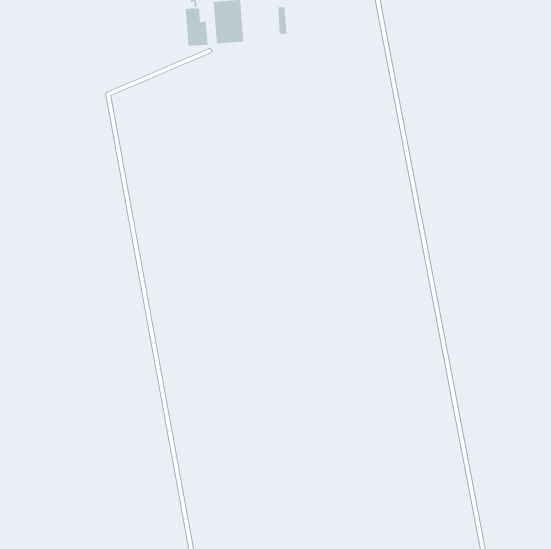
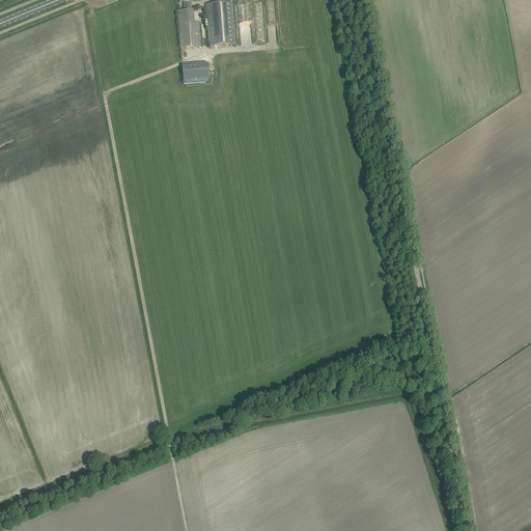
building: none -> [181,60,208,82]

